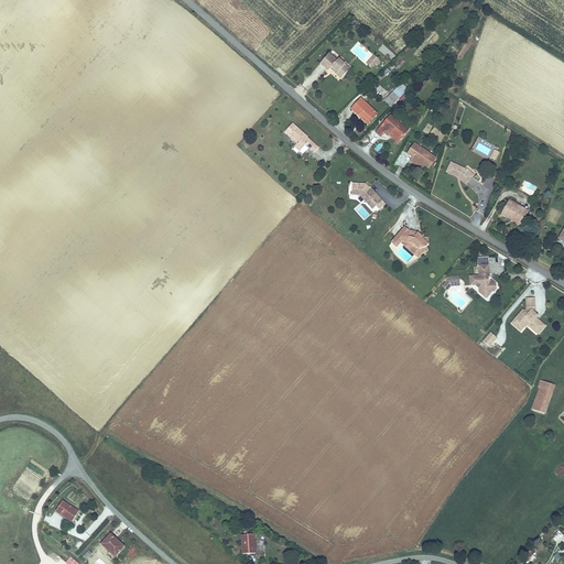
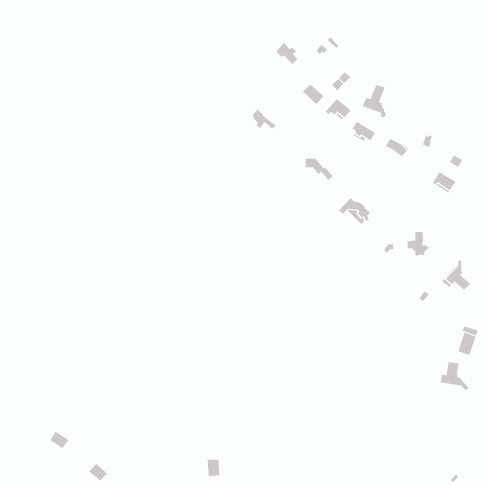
building: none -> [362,84,387,119]
building: none -> [440,361,470,391]

